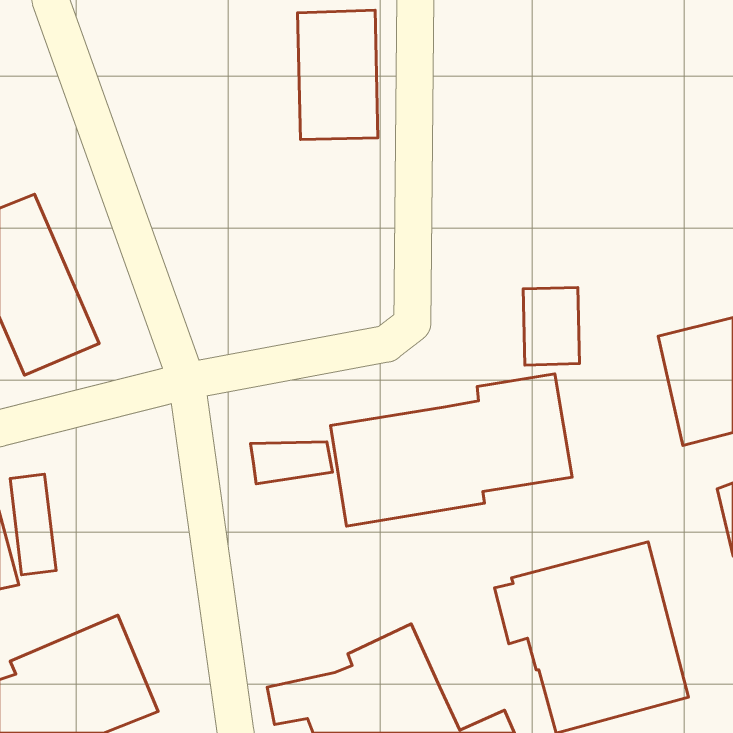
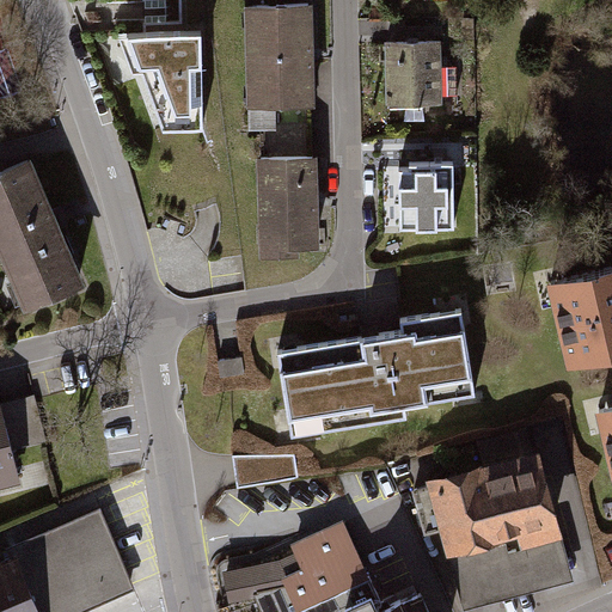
building: none -> [124,30,196,124]
building: none -> [385,48,443,118]
building: none -> [257,164,310,250]
building: [523,287,579,365] -> [406,169,453,233]
building: [251,442,332,484] -> [231,453,299,488]

